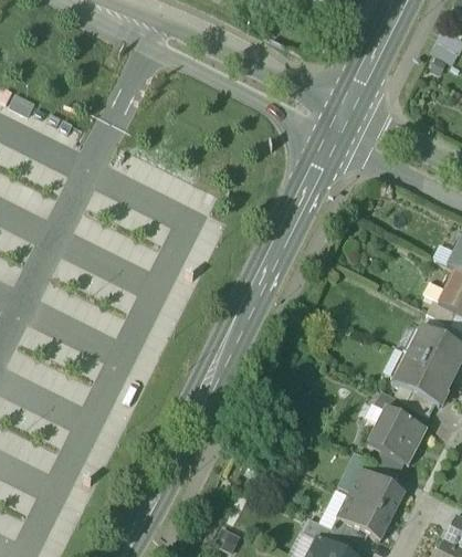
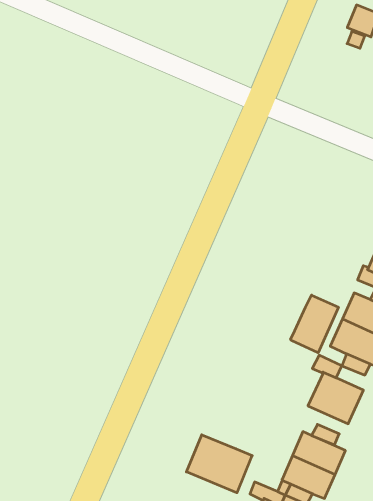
building: none -> [291,295,338,353]
building: none -> [186,435,252,493]

